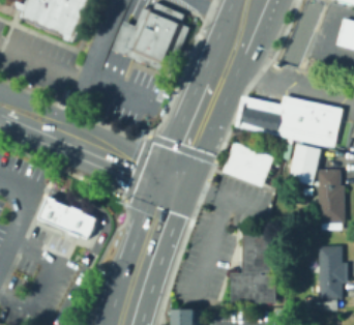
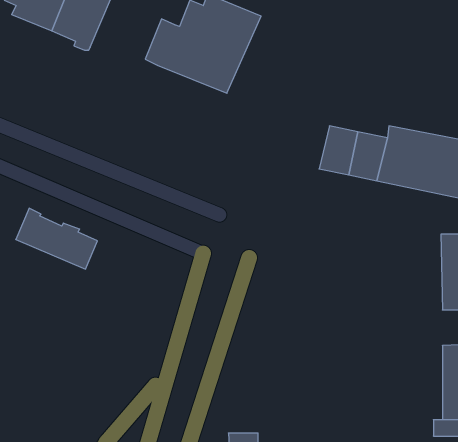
building: [225,142,274,187] -> none
building: [292,144,323,184] -> none
building: [38,195,95,237] -> [16,208,97,269]
building: [233,233,277,303] -> none

